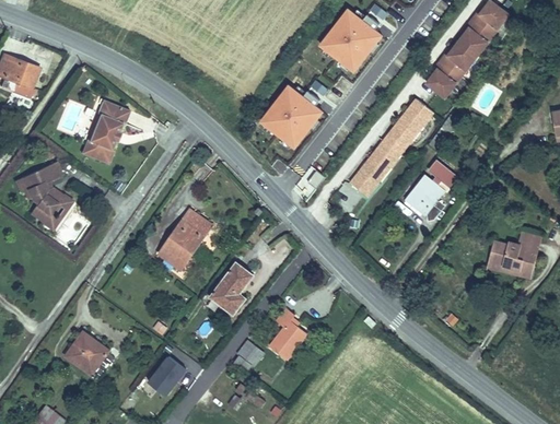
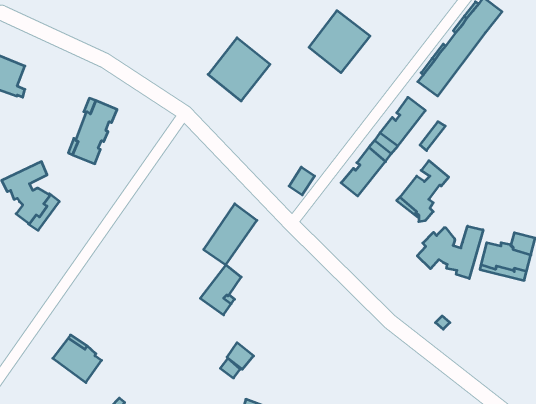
building: [259,87,320,150] -> [208,38,270,101]
building: [159,209,211,269] -> [204,204,257,265]
building: none -> [417,226,483,279]
building: [269,308,307,360] -> none
building: [150,360,182,393] -> none

